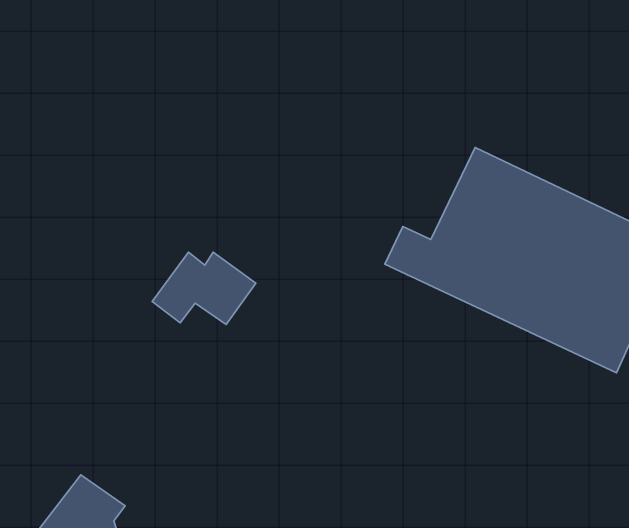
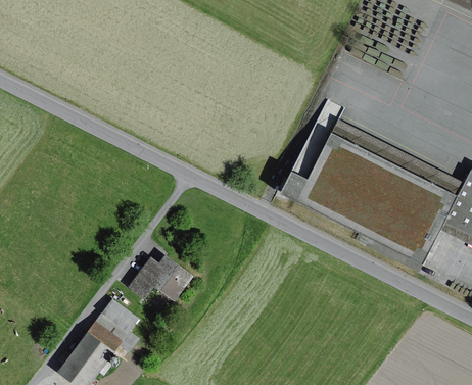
building: [152,252,256,324] -> [130,252,194,297]
building: none -> [90,295,142,350]

